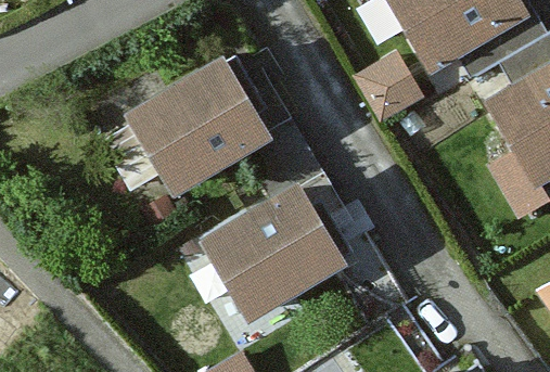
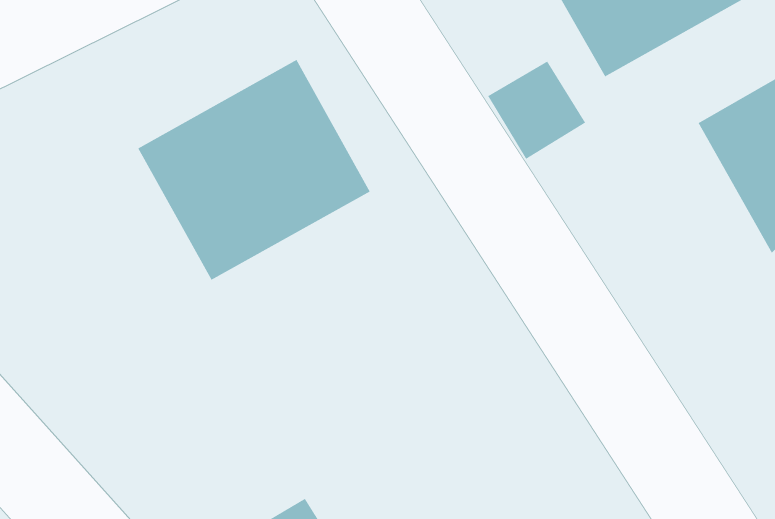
building: [197,181,348,323] -> none

